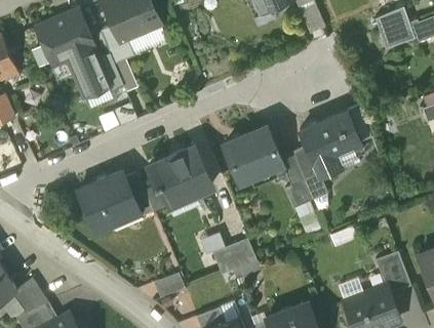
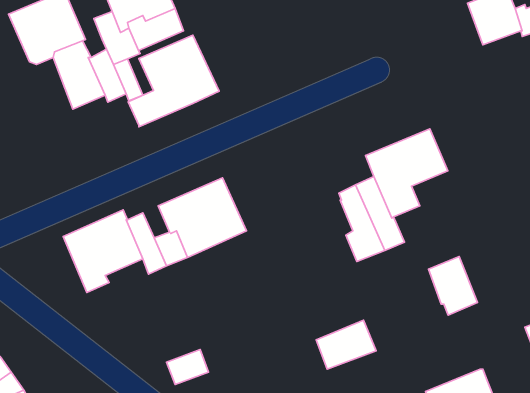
building: none -> [128,35,219,127]
building: [224,127,282,181] -> none
building: [212,239,257,275] -> [316,320,376,369]
building: [374,252,410,295] -> [428,257,477,315]

